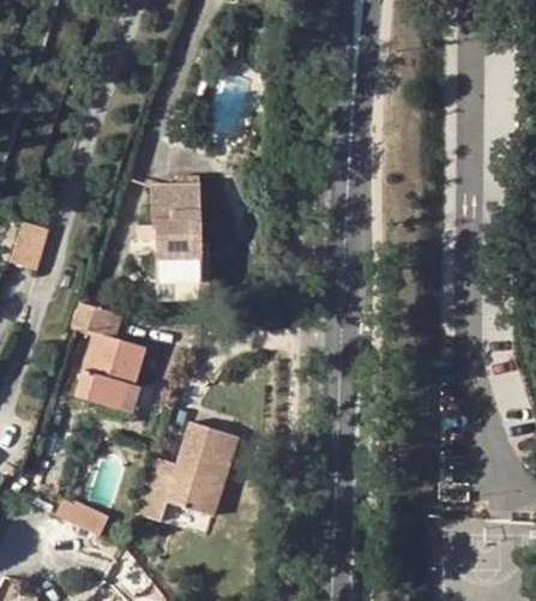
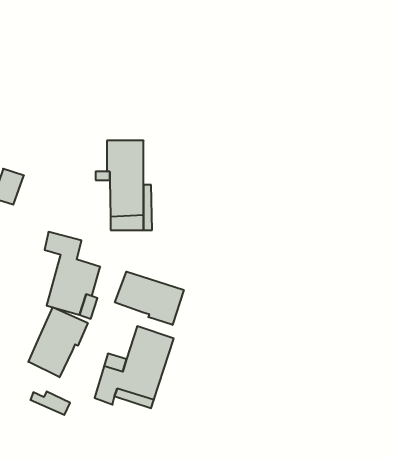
building: none -> [115,272,184,325]
building: none -> [28,307,88,377]

